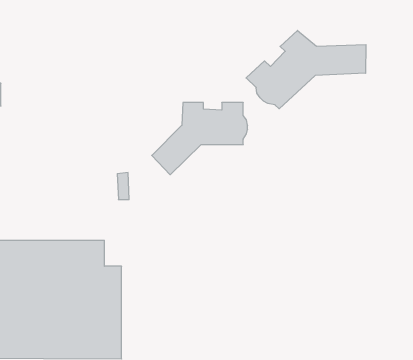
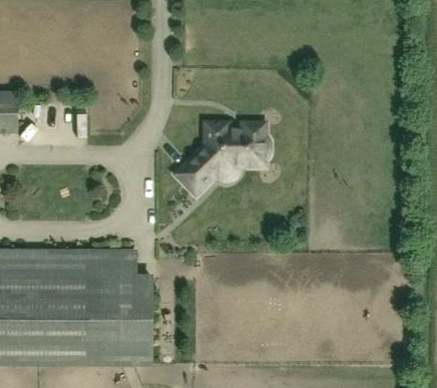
building: [246,30,366,109] -> none

